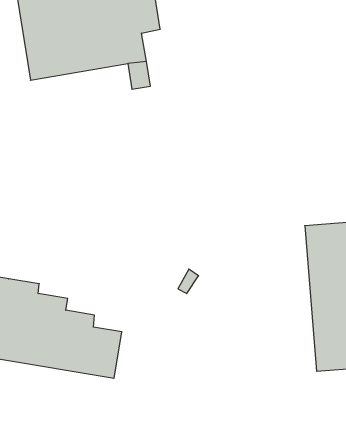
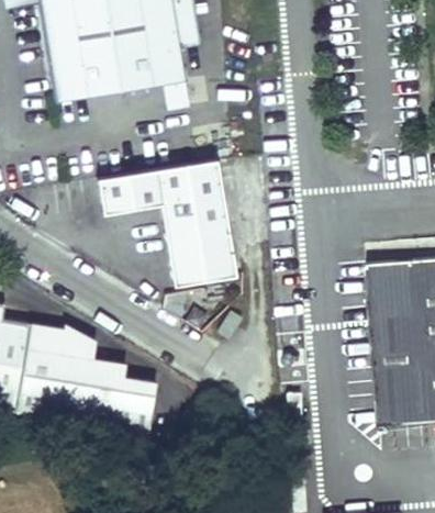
building: none -> [99,158,237,285]

